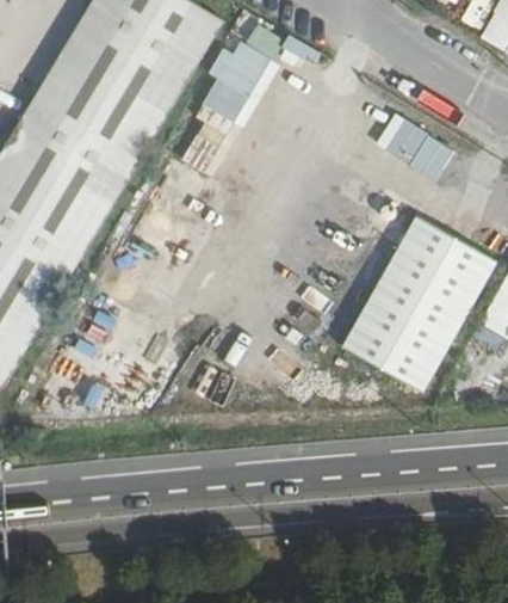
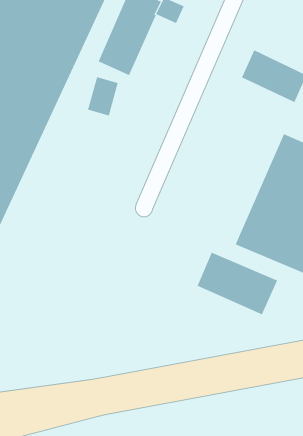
building: none -> [197,252,278,315]

